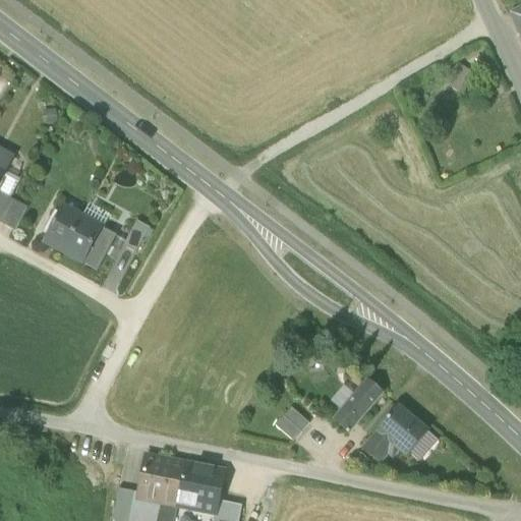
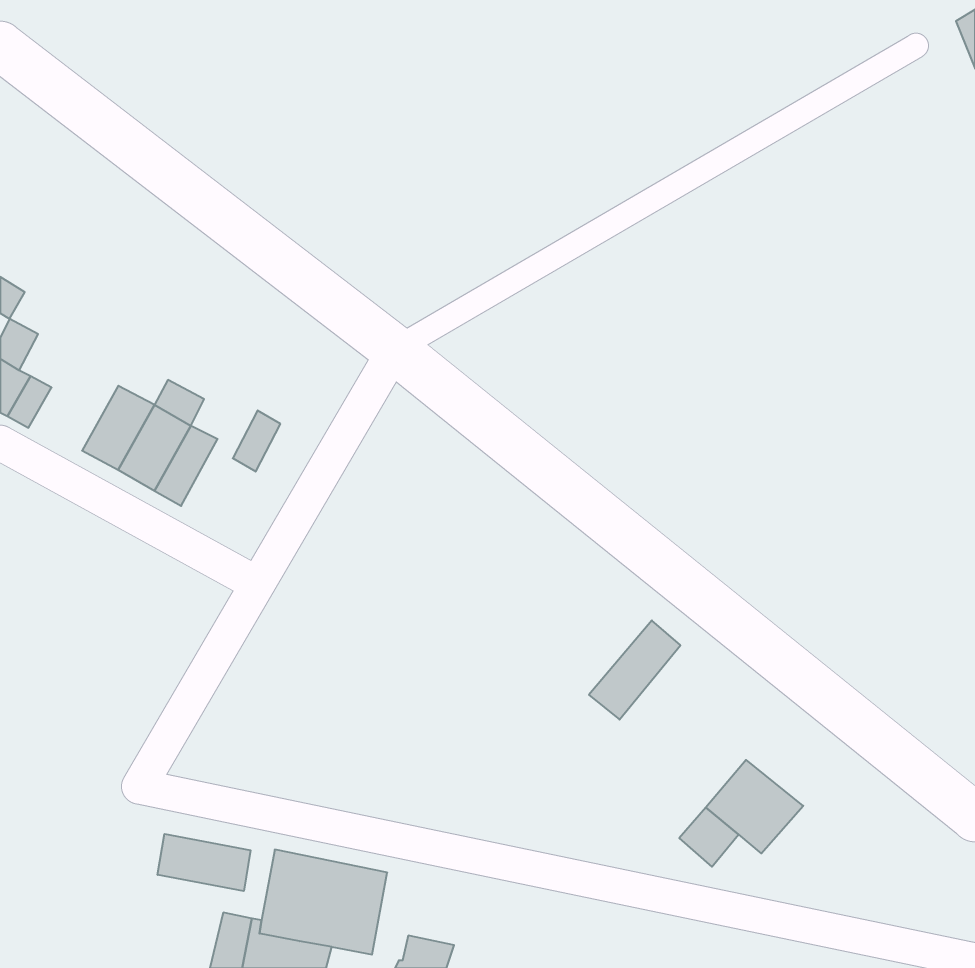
building: [334,379,383,431] -> [589,620,680,720]
building: [276,405,310,440] -> none
building: none -> [158,834,251,891]
building: [198,465,224,512] -> none

